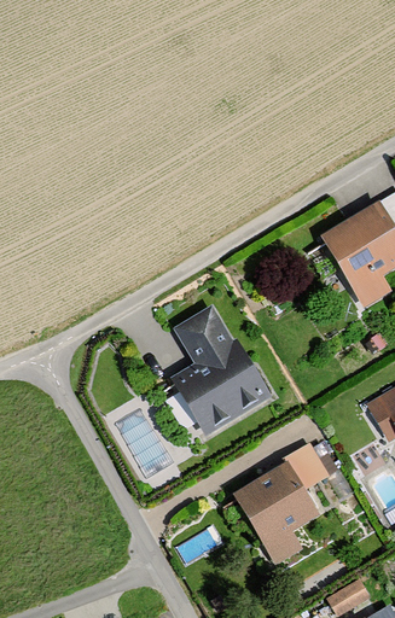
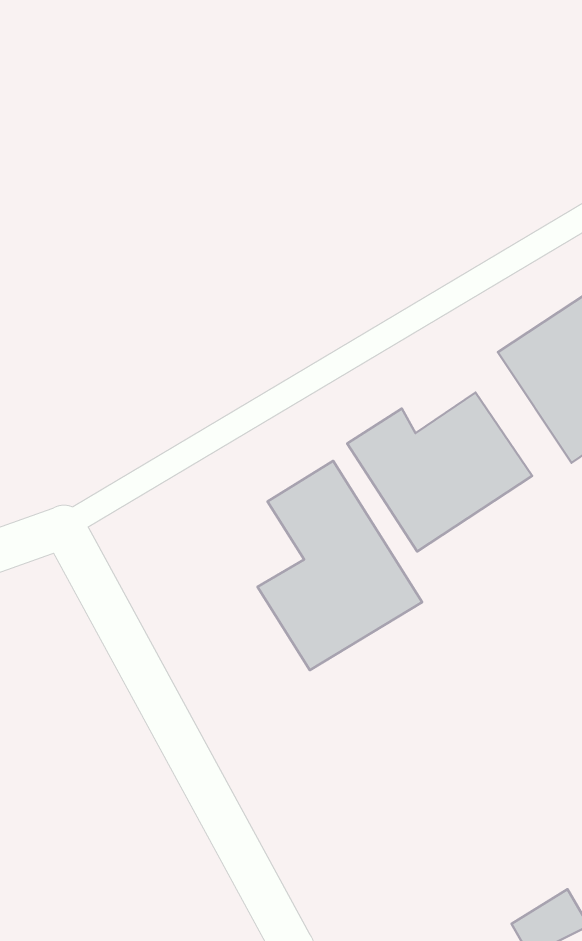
building: none -> [347,393,532,551]
building: [230,443,330,565] -> none

